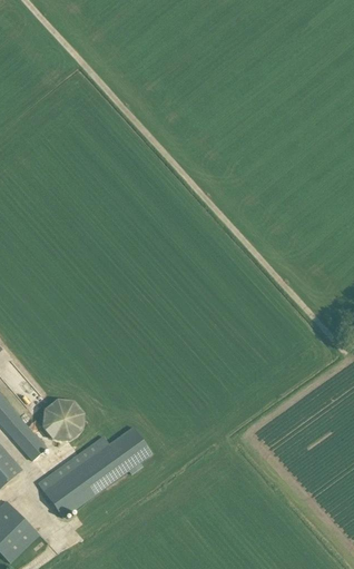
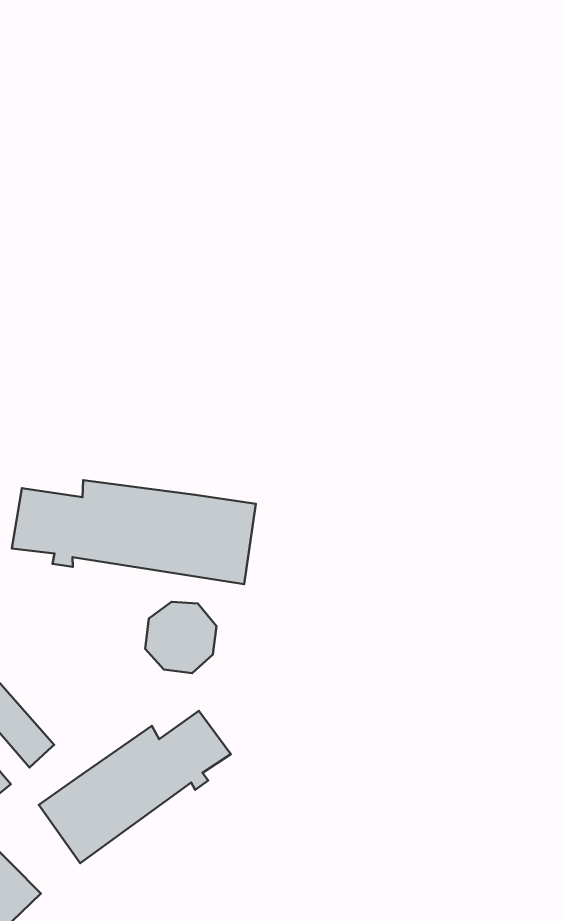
building: none -> [12,480,256,584]
building: [42,399,85,441] -> [145,602,217,673]

